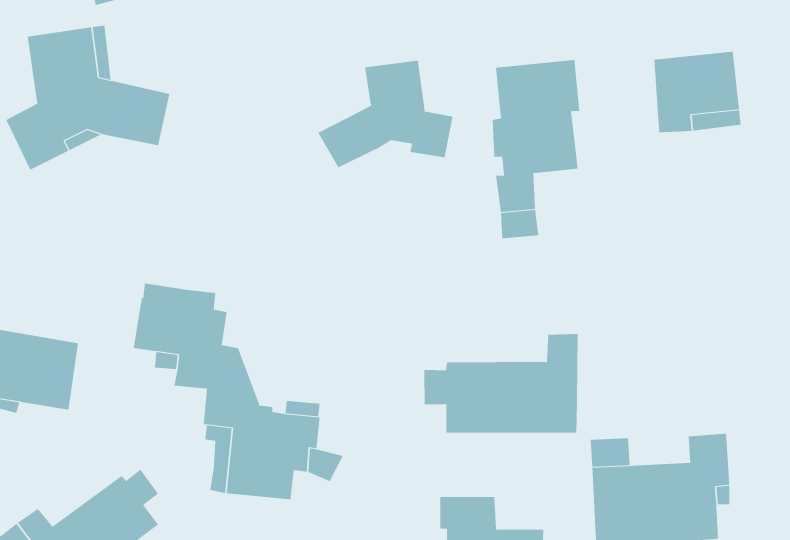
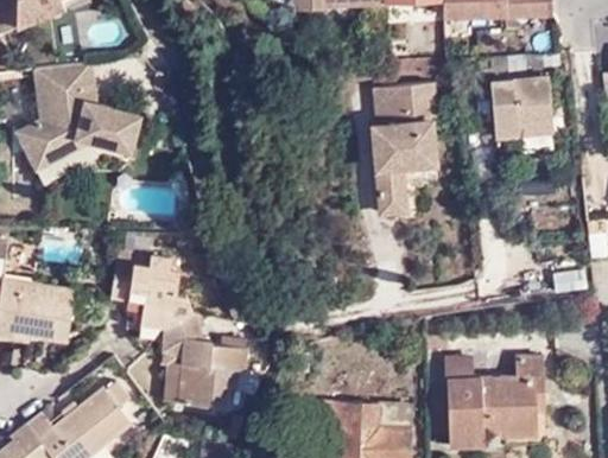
building: [318,60,453,168] -> none
building: [424,333,578,434] -> none

